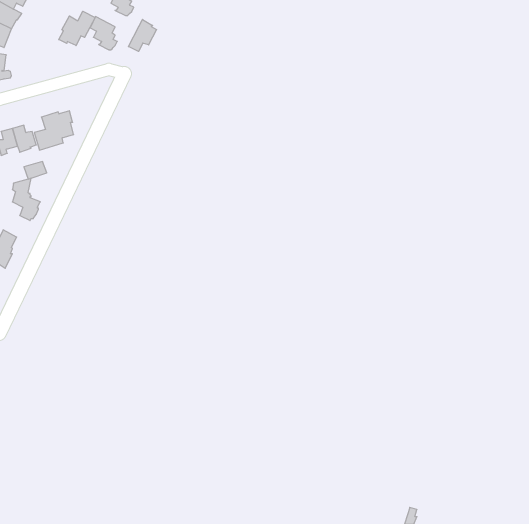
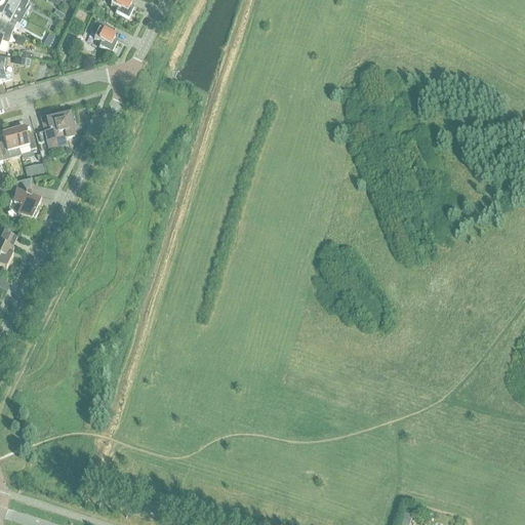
building: [59,11,95,46] -> none
building: [128,19,157,51] -> none

